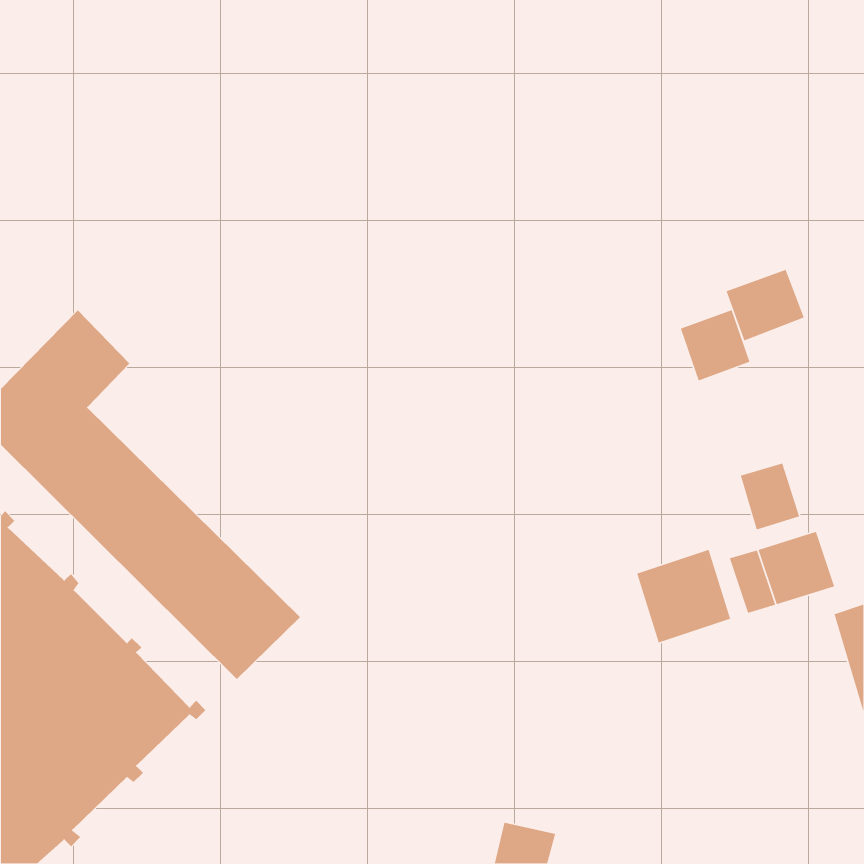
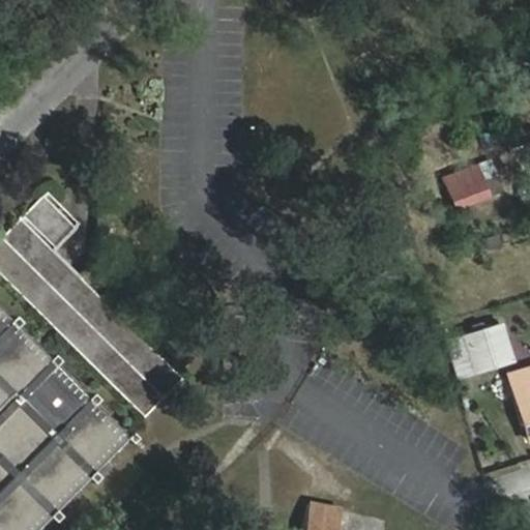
building: [680,309,751,381] -> none
building: [740,462,800,530] -> none
building: [636,549,731,644] -> none

